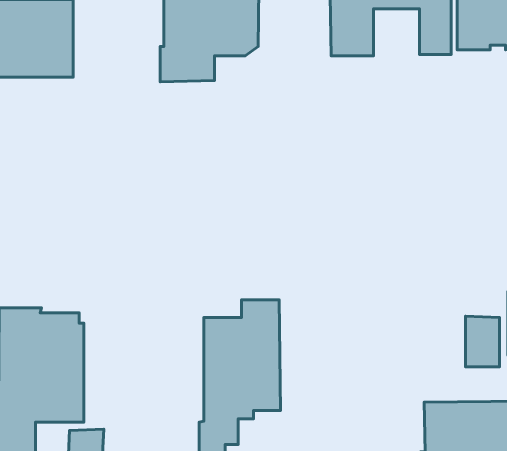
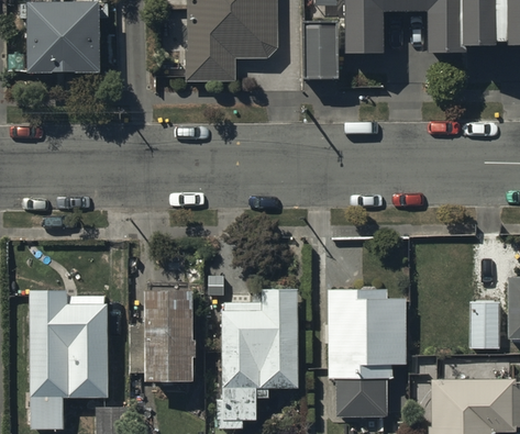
building: none -> [301,21,340,81]
building: none -> [327,288,407,413]
building: none -> [132,289,197,382]

